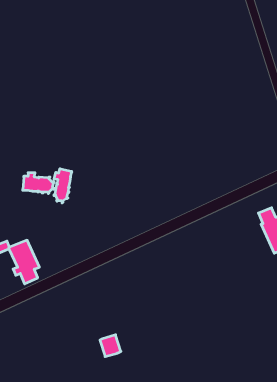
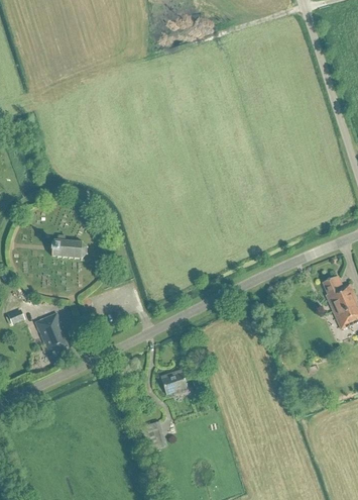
building: [54,169,72,203] -> none
building: none -> [160,369,187,393]

